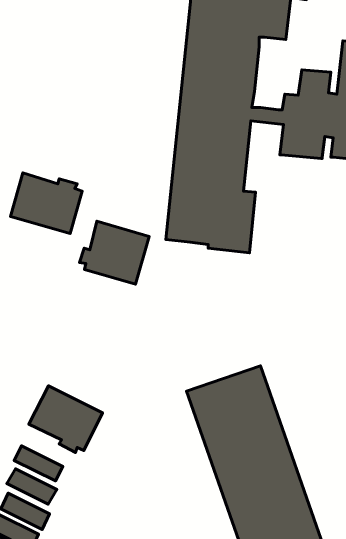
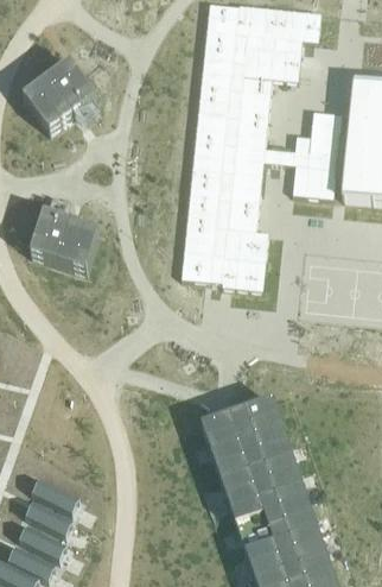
building: none -> [24,61,96,132]
building: [79,221,149,284] -> none
building: [29,386,103,452] -> none

